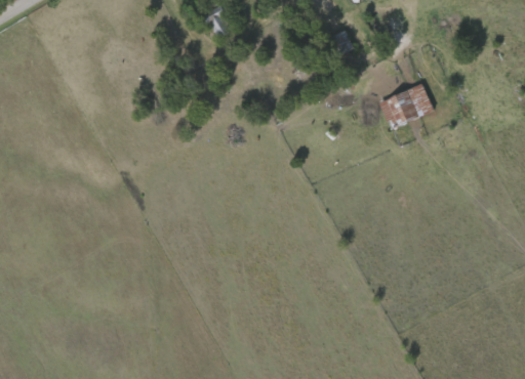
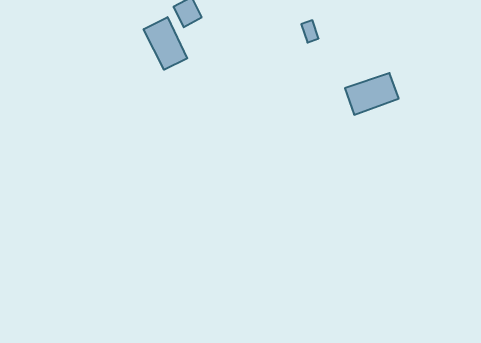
building: none -> [144,17,187,70]

